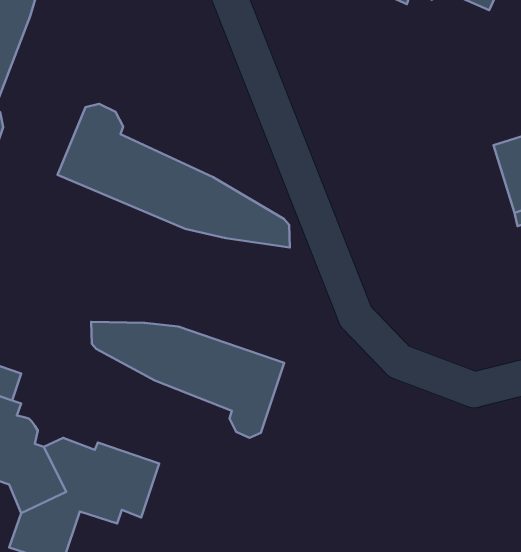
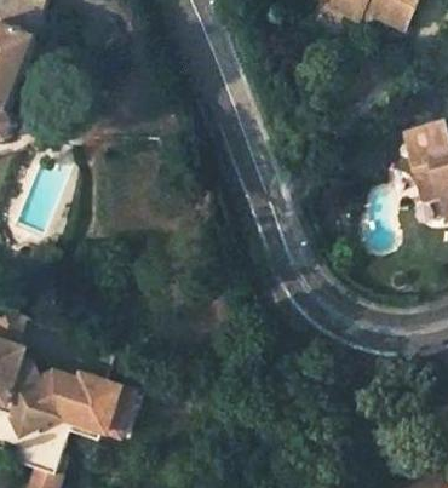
building: [58,104,290,247] -> none
building: [91,322,284,438] -> none

